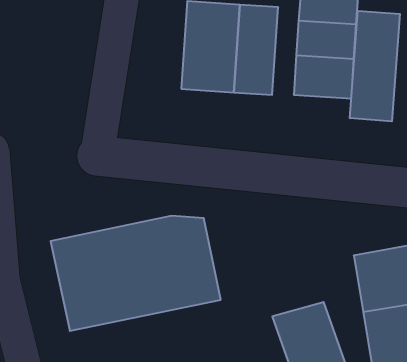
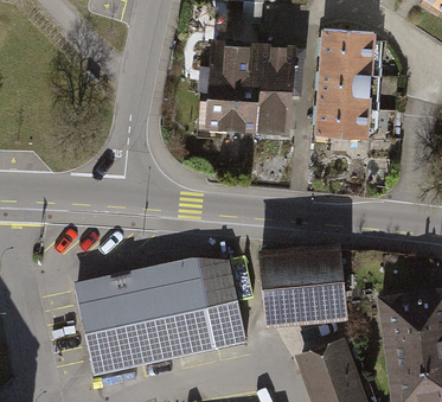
building: [350,11,400,121] -> none
building: none -> [265,247,341,317]

